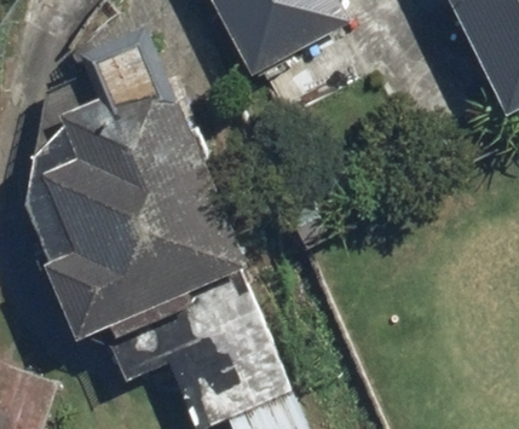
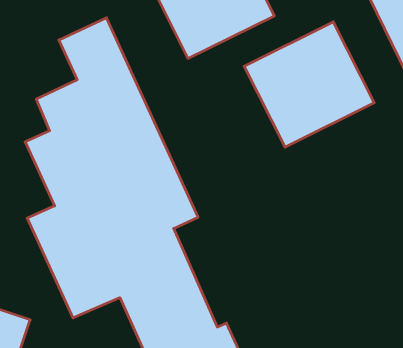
building: none -> [244,22,374,147]

